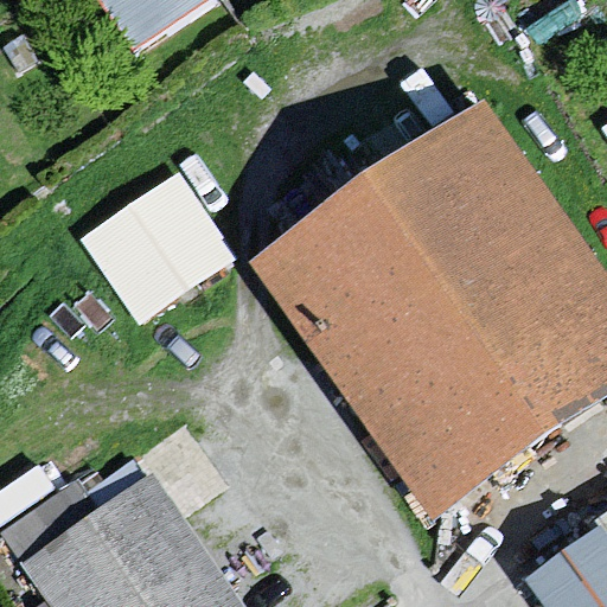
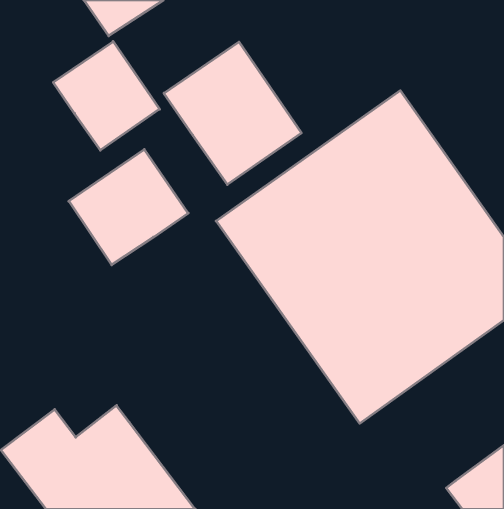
building: none -> [53,41,160,150]
building: none -> [164,42,301,185]

